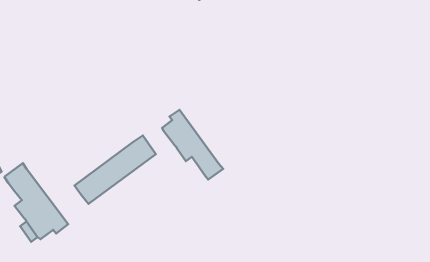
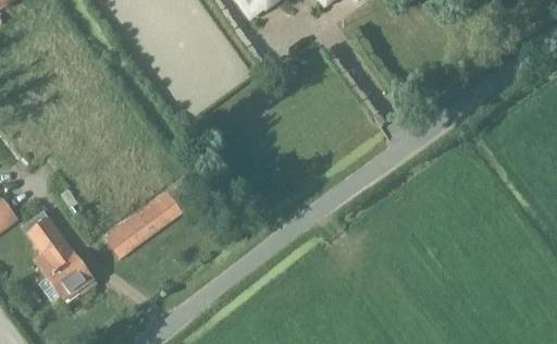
building: [162,110,223,179] -> none

